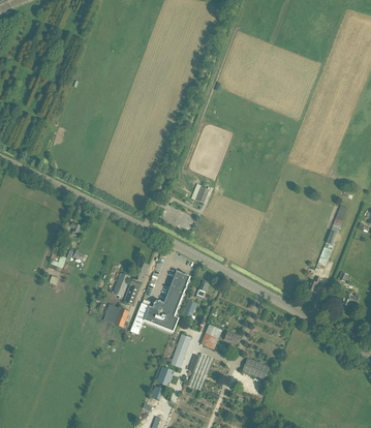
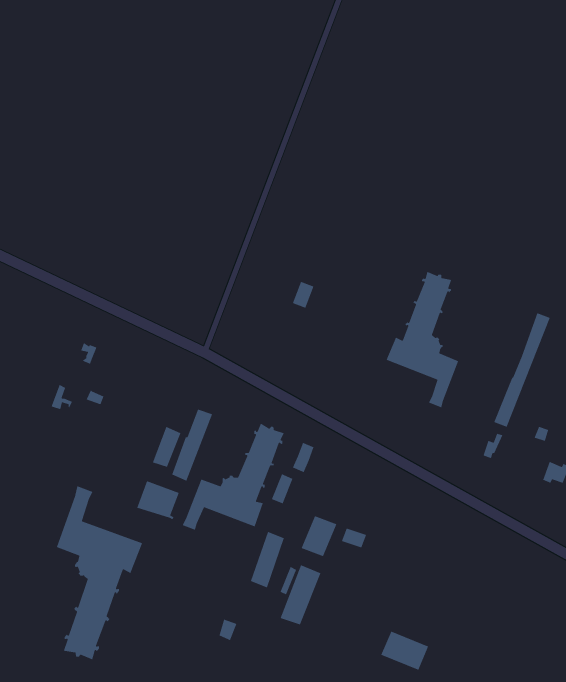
building: none -> [386,271,459,408]
building: none -> [56,485,143,661]
building: [241,357,270,380] -> [380,631,429,671]

